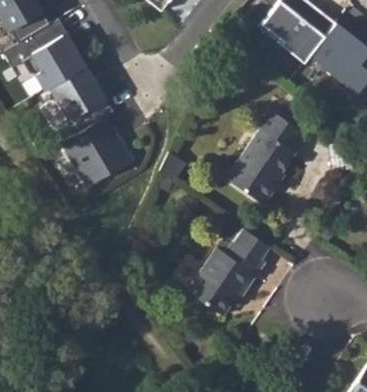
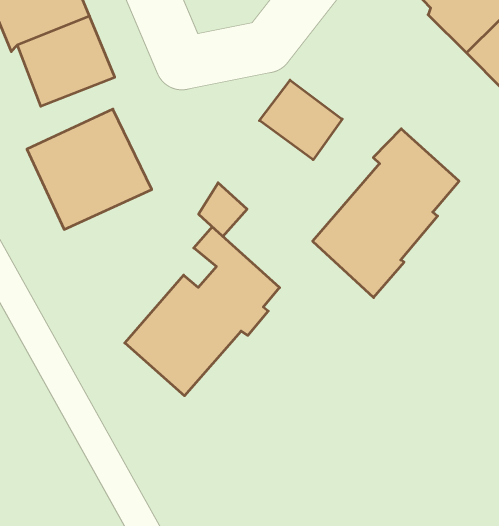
building: none -> [259,80,342,160]
building: [188,219,272,316] -> [125,227,280,396]

